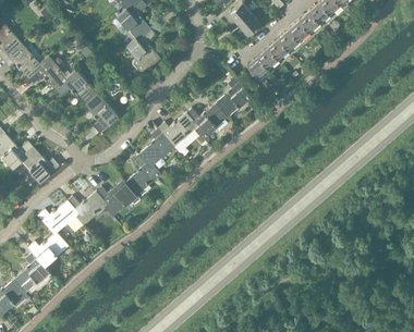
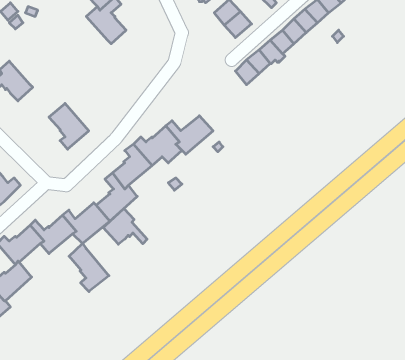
building: [126,29,161,73] -> none
building: [57,70,98,106] -> none
building: [216,77,252,118] -> none
building: none -> [103,209,147,244]
building: none -> [69,244,109,292]

